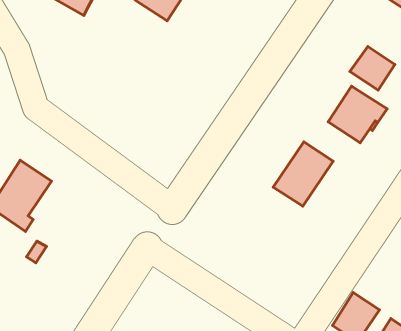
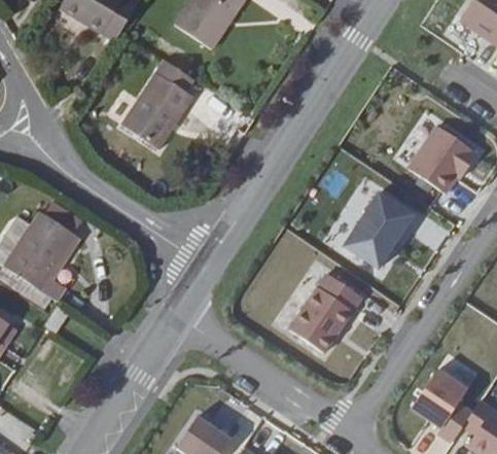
building: none -> [119,57,191,146]
building: [350,47,395,90] -> none
building: none -> [283,271,356,350]

